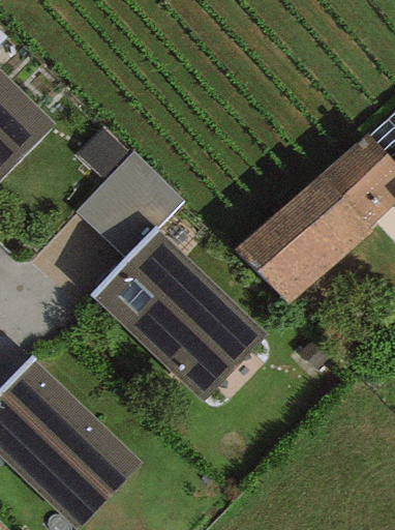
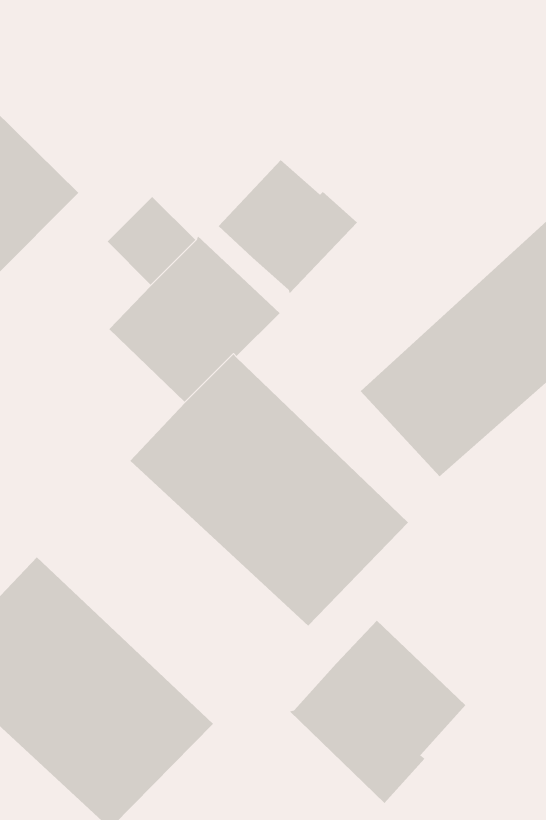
building: none -> [218,159,358,294]
building: none -> [289,620,466,804]

